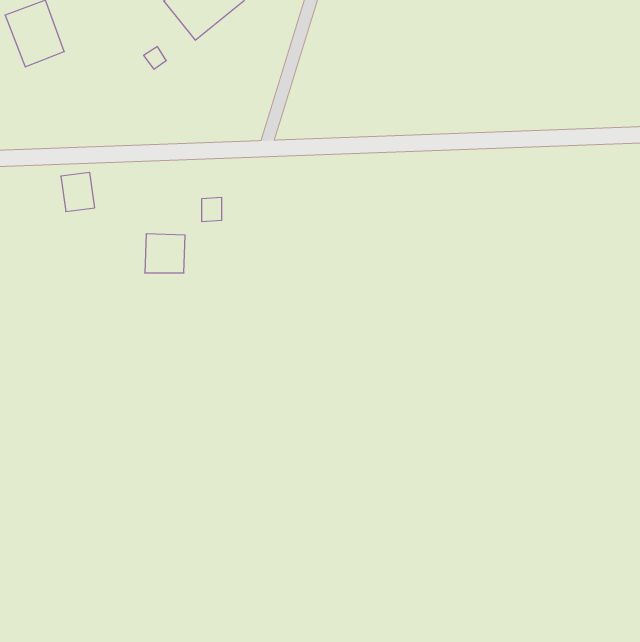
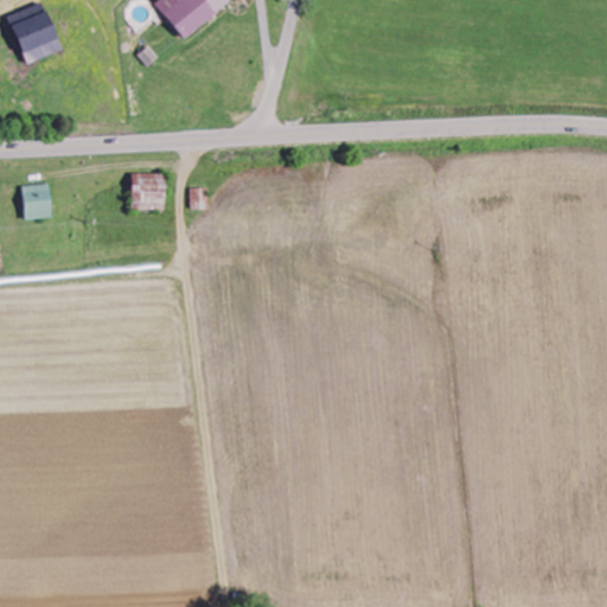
building: [61,172,95,212] -> [20,183,52,219]
building: [145,234,185,273] -> [129,172,167,209]

